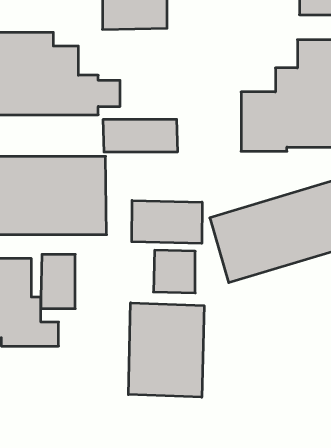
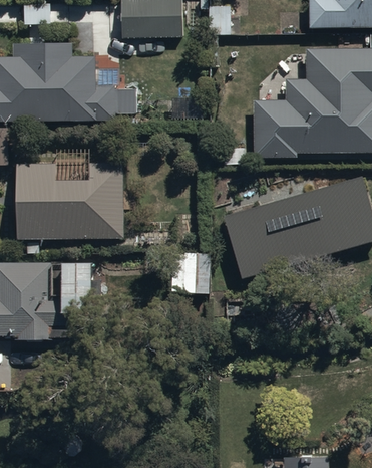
building: [103,119,177,152] -> none
building: [132,200,202,243] -> none
building: [128,303,204,397] -> none

